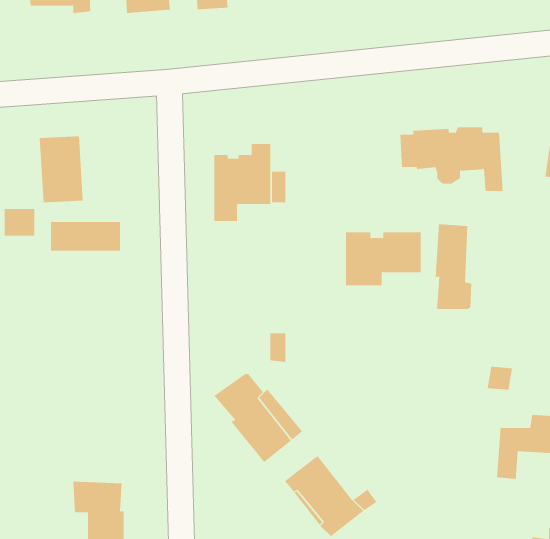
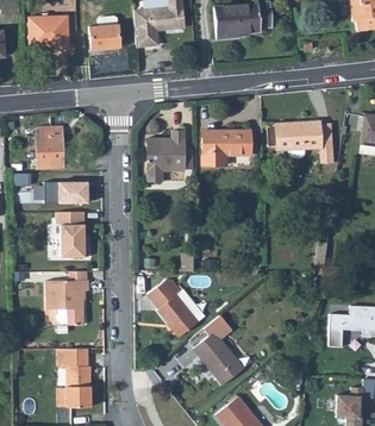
building: [435,223,472,310] -> none
building: [345,232,421,286] -> [202,131,251,165]
building: none -> [55,212,87,257]
building: none -> [46,271,89,325]

